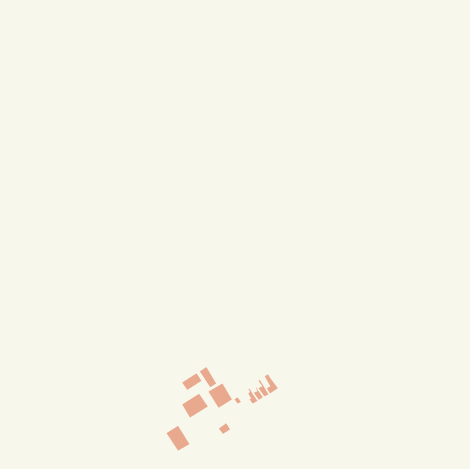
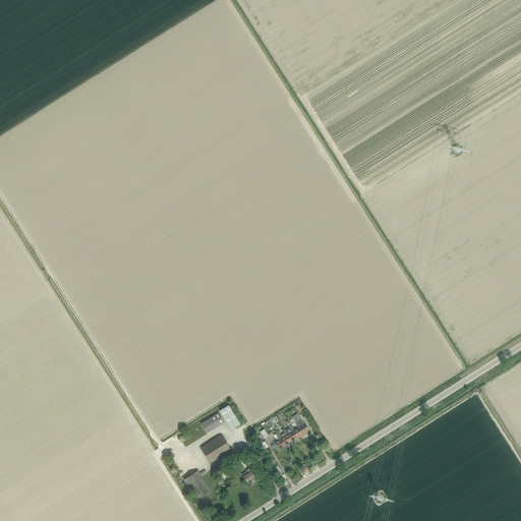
building: [208,382,233,409] -> none

